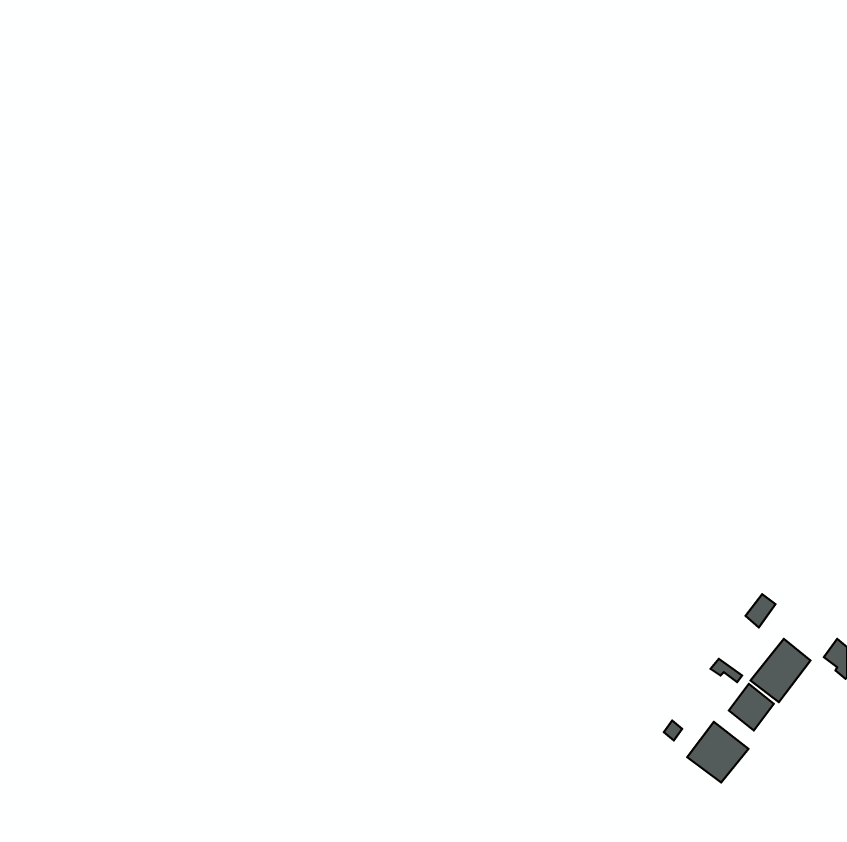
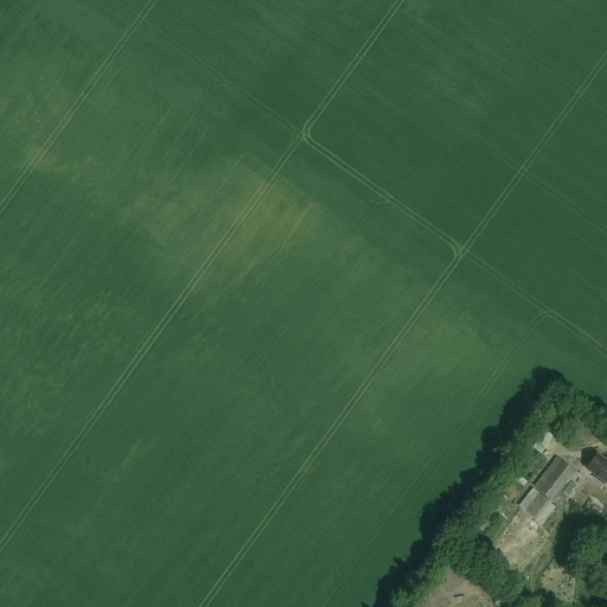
building: [687,722,749,782] -> none

